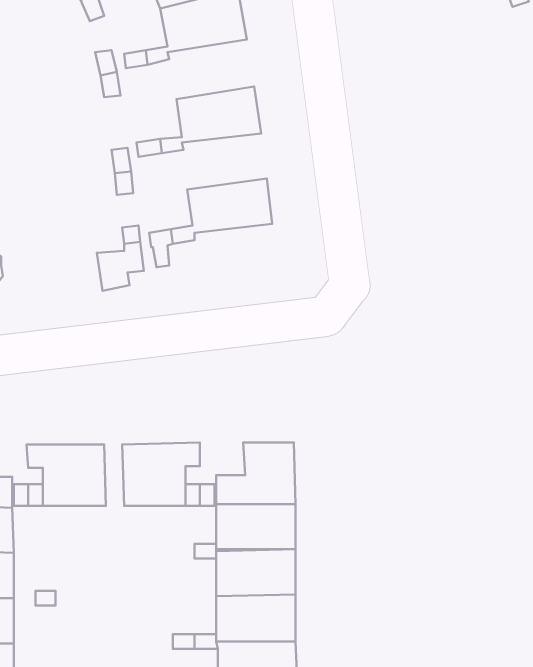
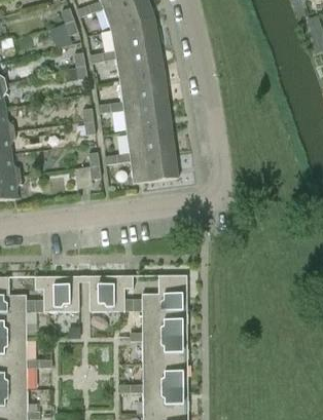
building: none -> [114,47,164,81]
building: none -> [122,101,171,132]
building: none -> [130,152,178,184]

